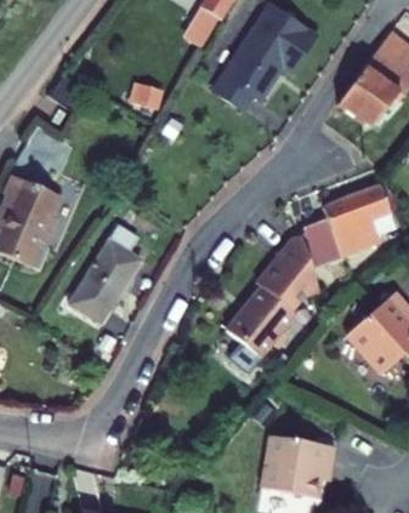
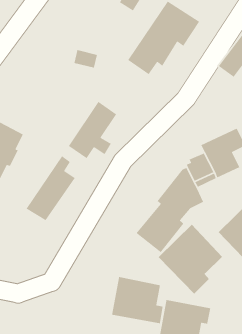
building: none -> [68,101,117,159]
building: none -> [158,224,223,294]
building: none -> [111,276,164,324]

